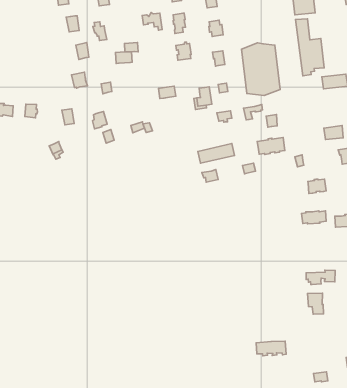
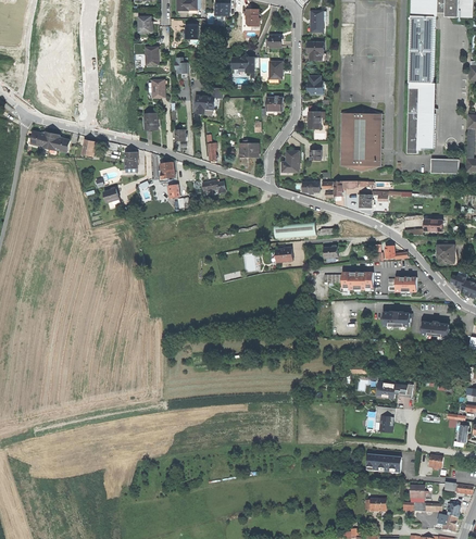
building: none -> [409,83,435,114]
building: [257,138,285,154] -> [341,272,372,289]
building: [256,341,286,356] -> [365,455,400,474]

